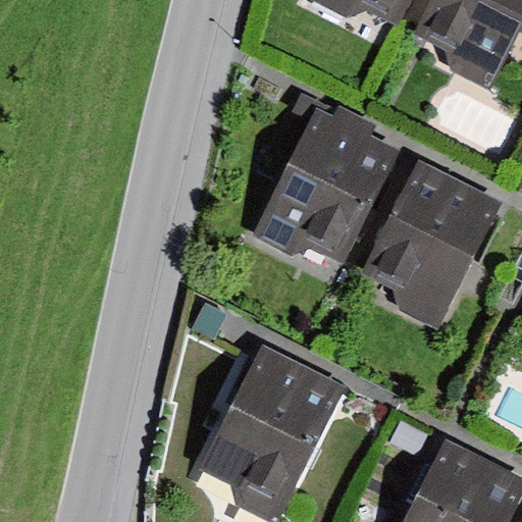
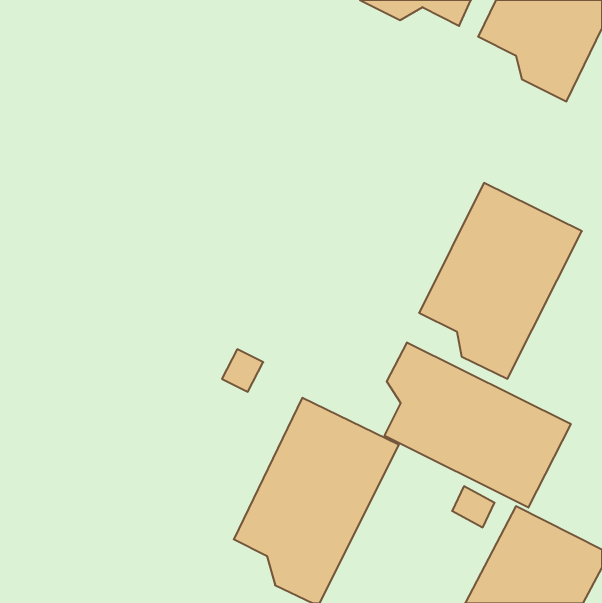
building: [251,106,402,262] -> none
building: none -> [385,342,571,508]

